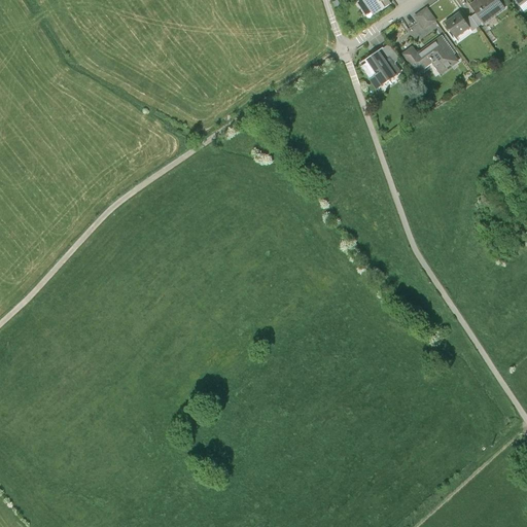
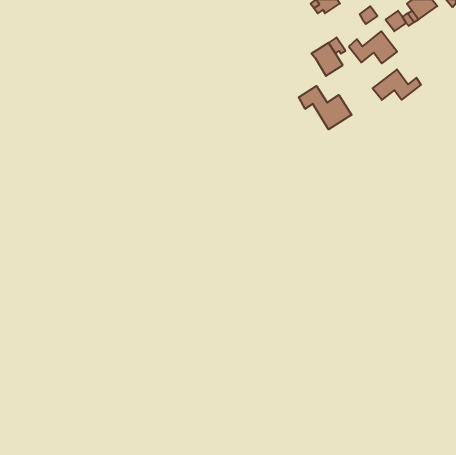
building: none -> [373,69,421,100]
building: none -> [299,86,352,129]

